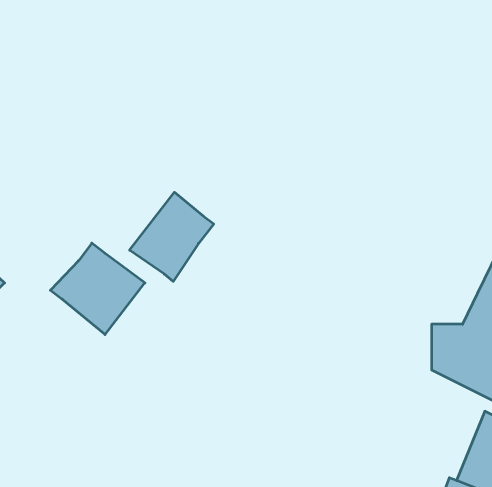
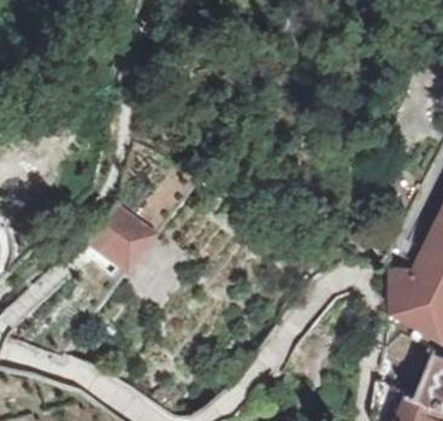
building: [130,192,214,281] -> none

